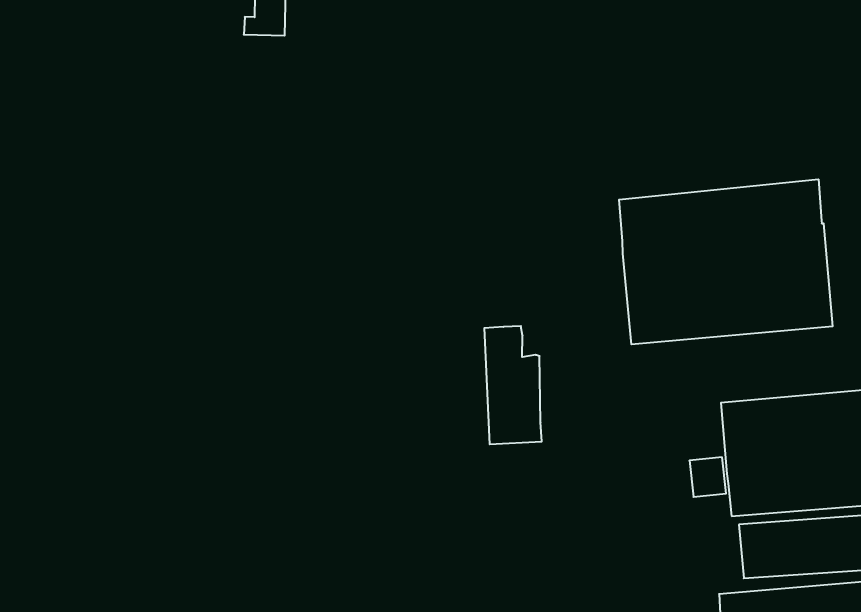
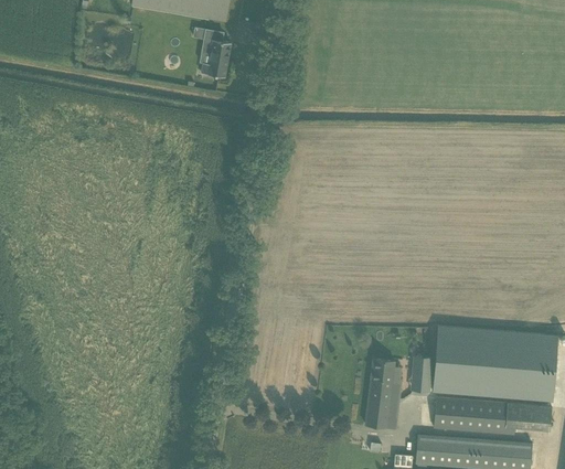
building: [619,179,833,344] -> none
building: [484,326,542,444] -> [366,359,403,428]

